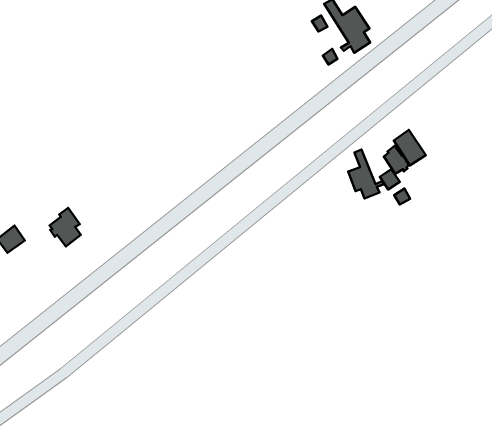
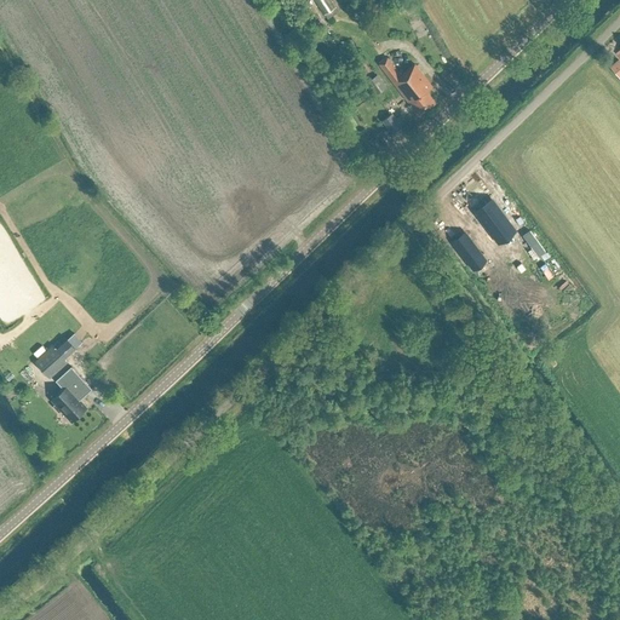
building: [348,149,383,198] -> none
building: [49,208,81,246] -> [54,375,91,419]

